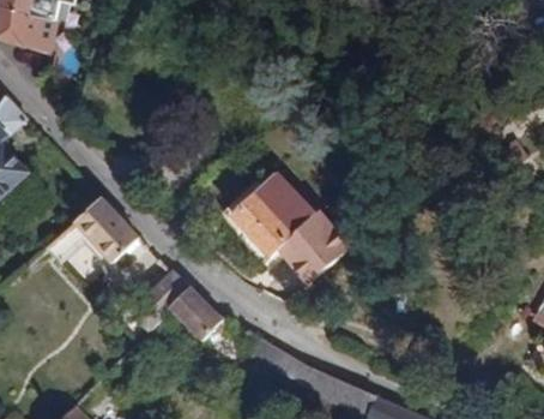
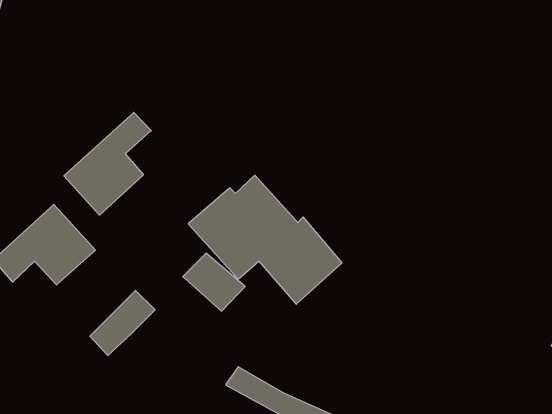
building: none -> [64,112,151,215]
building: [170,288,224,339] -> [183,253,245,311]

